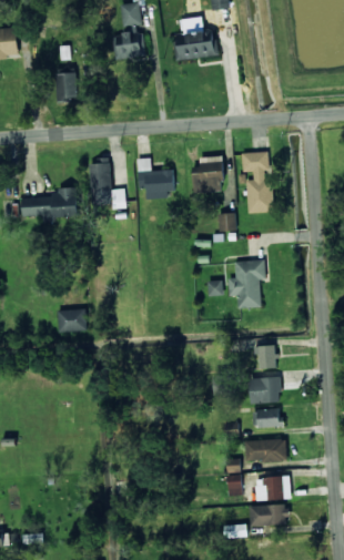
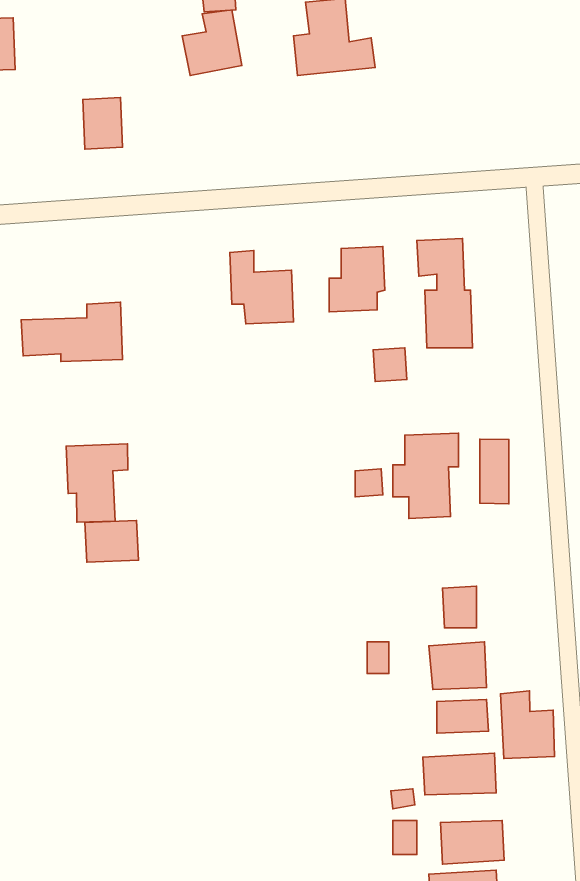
building: [89,156,125,207] -> none
building: none -> [480,439,509,504]
building: none -> [66,444,128,522]
building: none -> [500,691,555,758]

